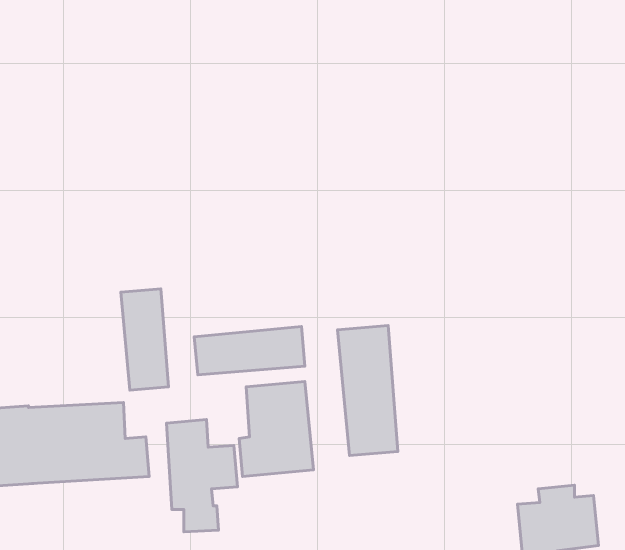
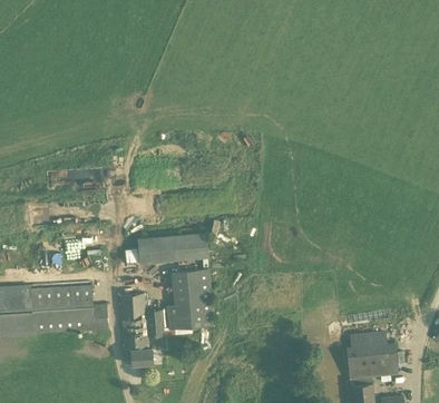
building: [121,289,168,390] -> none
building: [338,325,398,456] -> none

